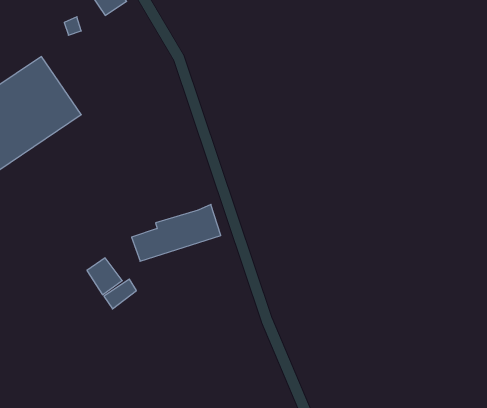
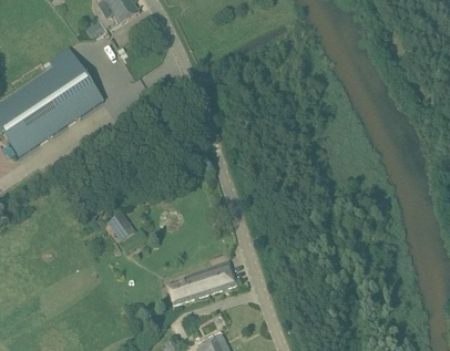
building: [132,204,221,261] -> [166,259,236,303]

